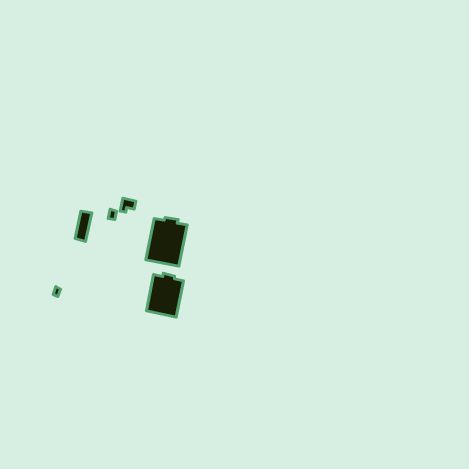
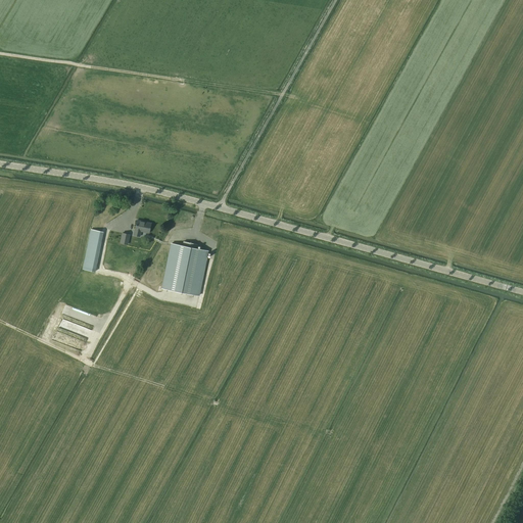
building: [146,273,184,317] -> none

